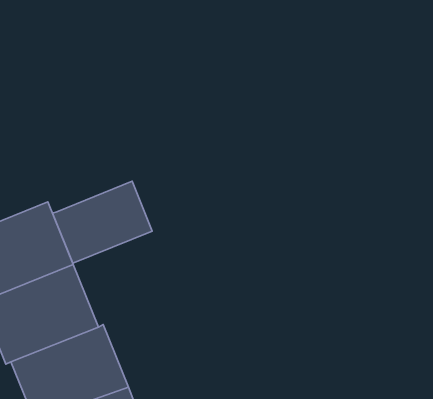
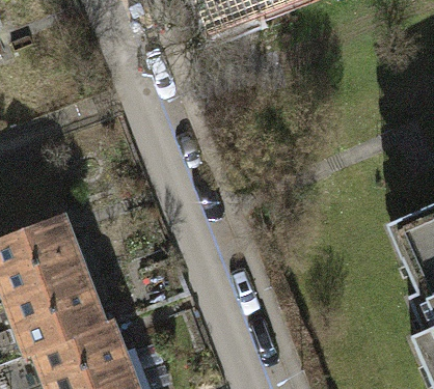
building: [53,181,152,263] -> none

